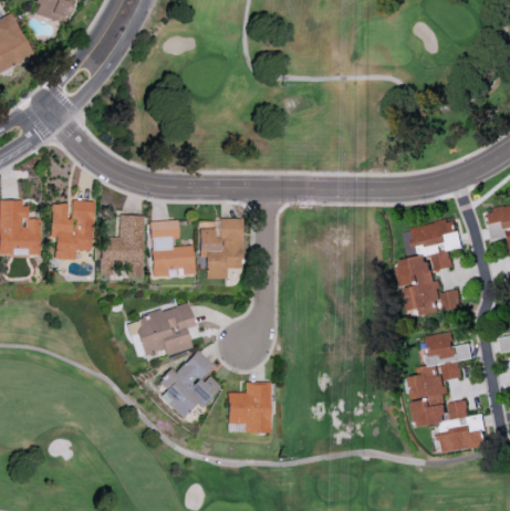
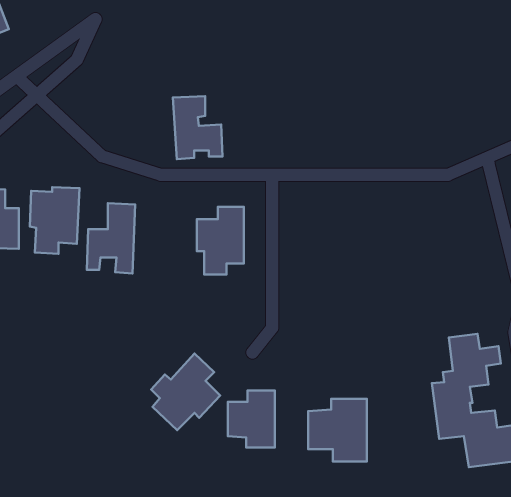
building: [397,218,461,315] -> none
building: [149,220,194,277] -> [173,96,222,159]
building: [126,303,195,356] -> none
building: none -> [308,399,367,462]

